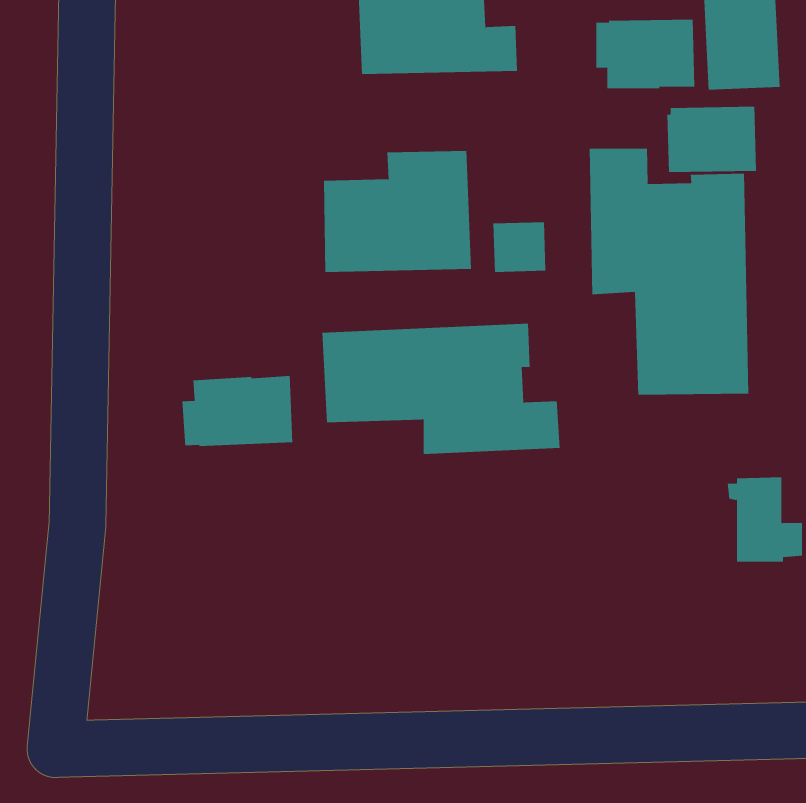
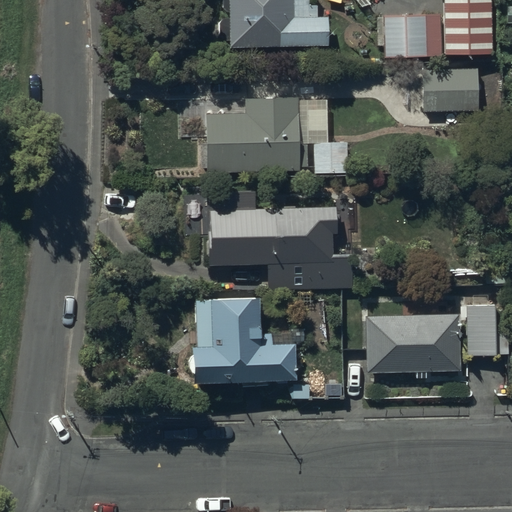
building: [589,148,749,396] -> none
building: [182,375,293,447] -> none
building: none -> [190,298,295,386]
building: none -> [365,313,460,373]

